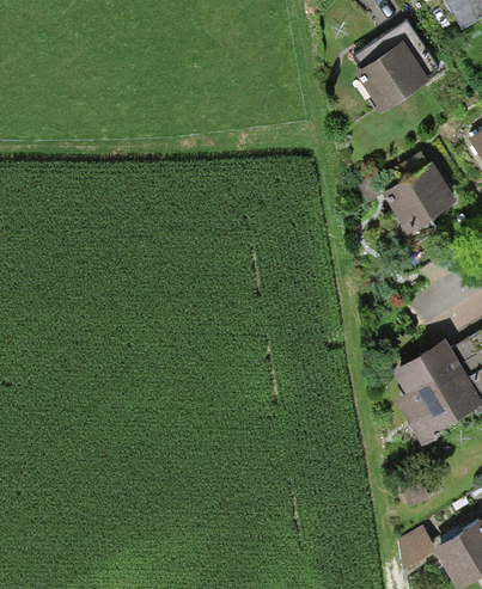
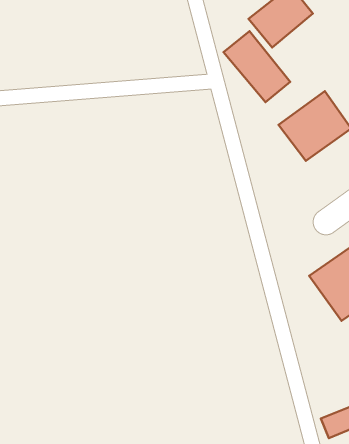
building: none -> [224,31,290,102]

